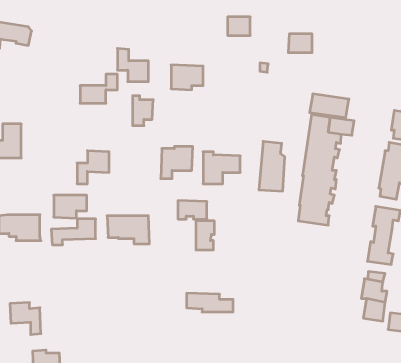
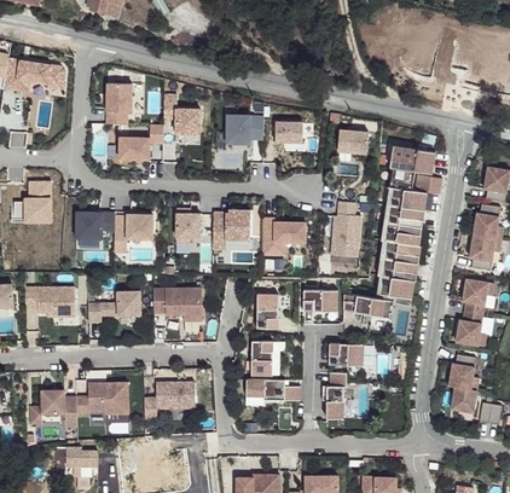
building: [228,17,250,35] -> [277,117,303,139]
building: [288,34,312,53] -> [341,130,369,152]
building: none -> [106,82,132,123]
building: [133,96,153,126] -> [179,205,203,240]
building: [54,195,87,218] -> [79,211,117,238]
building: [178,201,207,219] -> [303,290,337,312]
building: none -> [343,294,394,319]
building: none -> [250,342,272,376]
building: none -> [328,343,363,366]
building: none -> [326,375,346,420]
building: none -> [74,381,127,414]
building: none -> [141,382,192,419]

